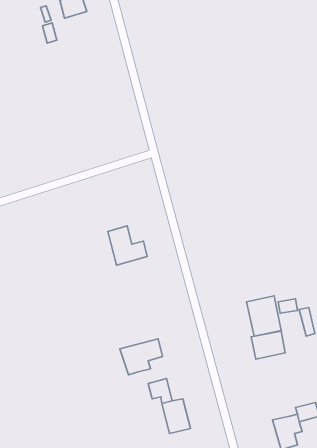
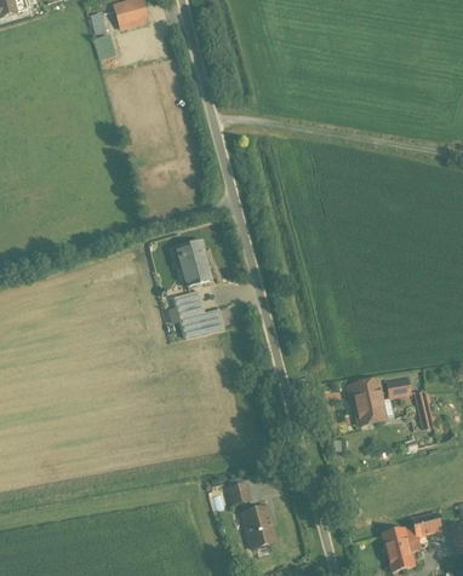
building: none -> [171,240,215,283]
building: [251,331,285,359] -> none
building: [120,339,163,375] -> none

